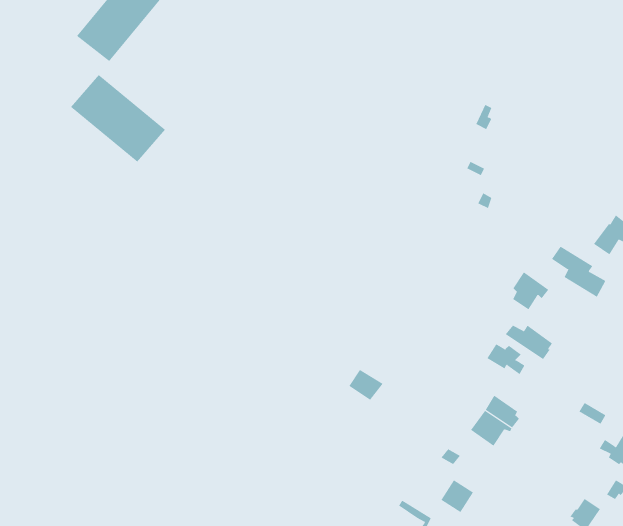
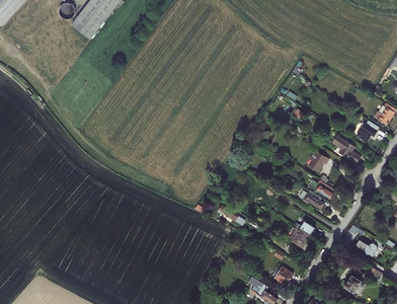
building: [70,74,166,162] -> none

